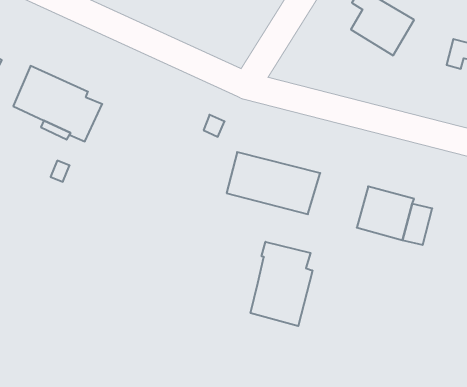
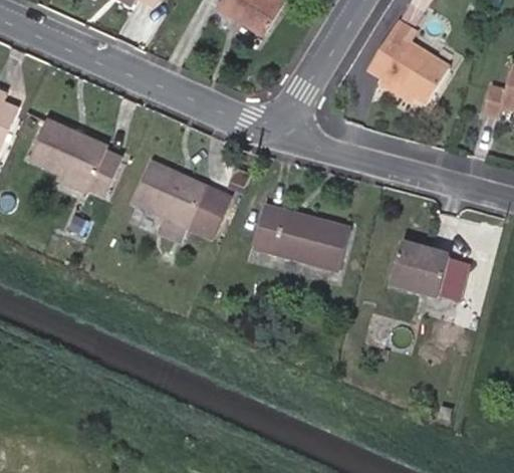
building: none -> [133,162,225,241]
building: [251,242,312,326] -> none

